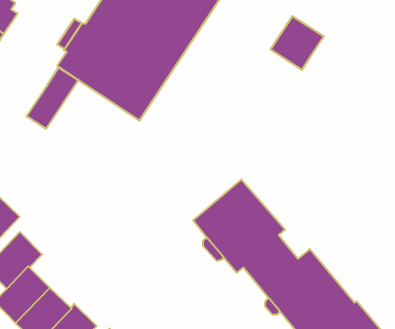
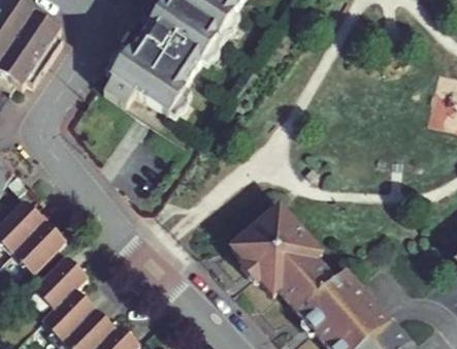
building: [270,16,324,70] -> none
building: [26,68,78,129] -> none

